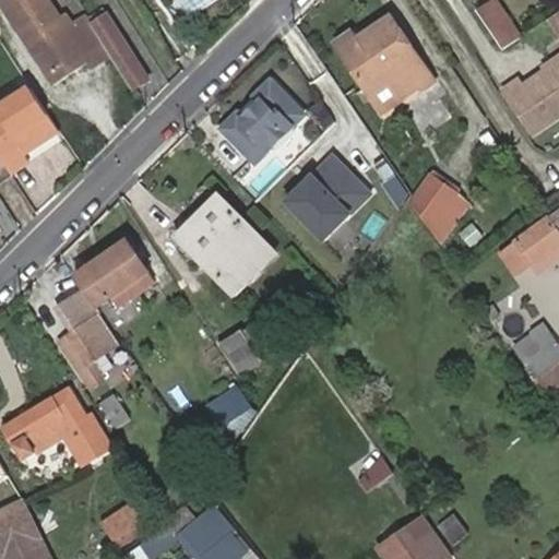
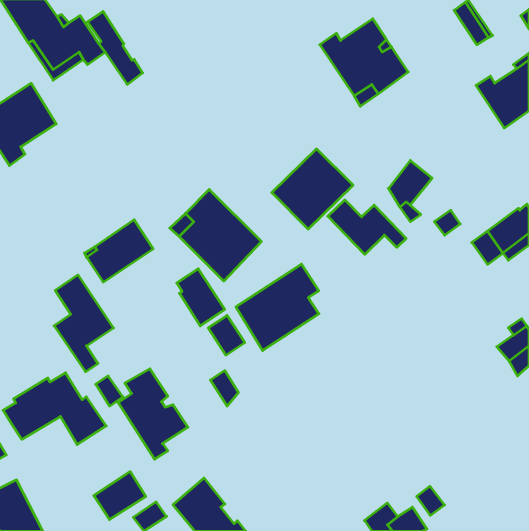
building: [223,82,304,163] -> none
building: none -> [328,200,406,254]
building: none -> [236,264,319,351]
building: none -> [177,269,225,326]
building: none -> [118,369,188,459]

